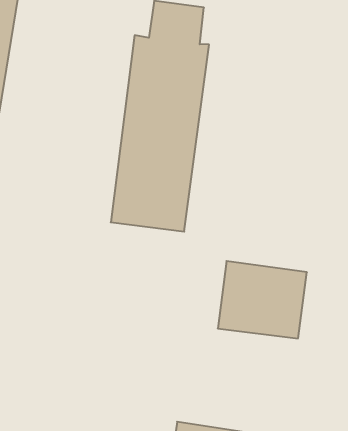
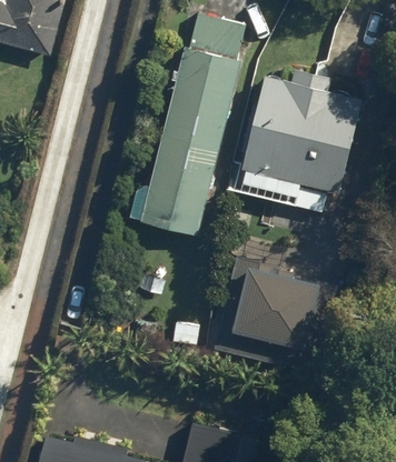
building: none -> [237,72,358,192]

